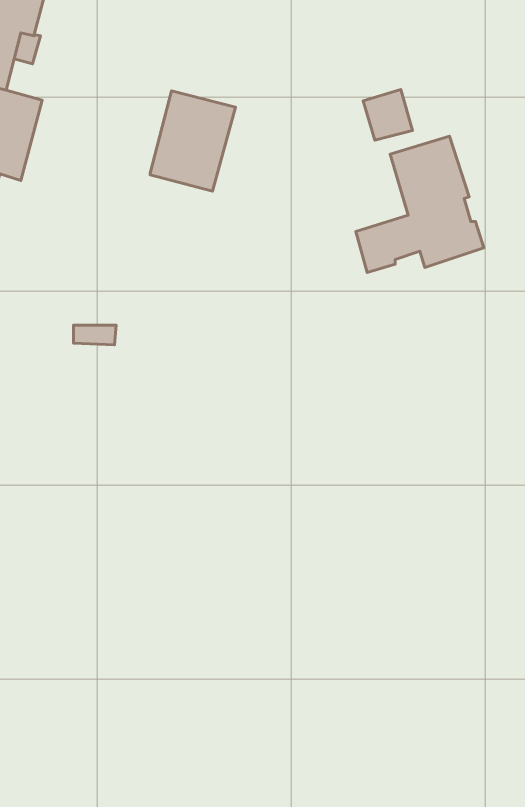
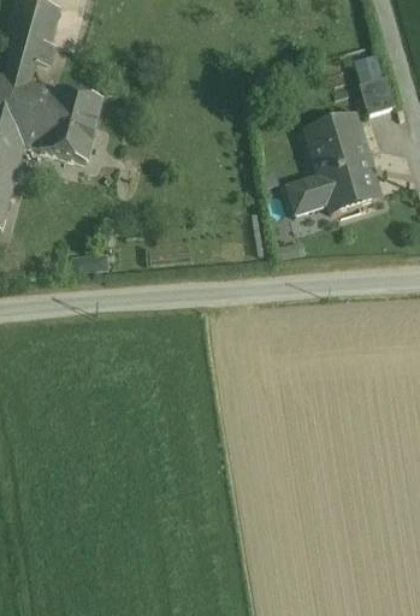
building: [363,89,412,140] -> [357,73,394,111]
building: [150,91,236,191] -> [39,85,101,159]

